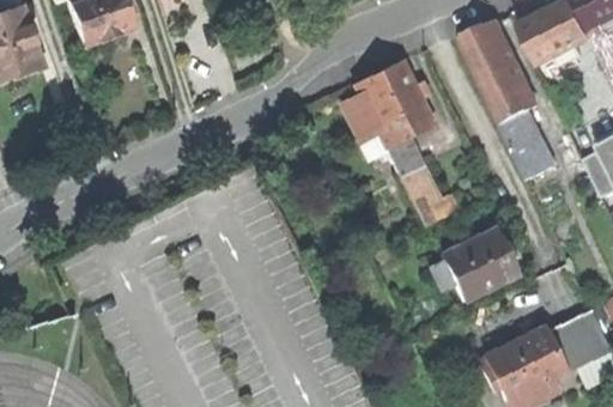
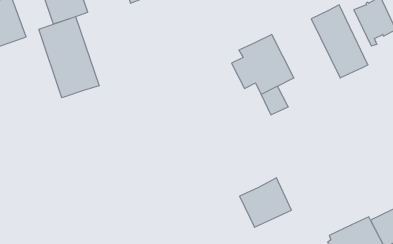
building: none -> [39,17,99,98]
building: [500,108,560,181] -> none
building: [400,165,456,225] -> none
building: [441,226,516,298] -> [240,178,291,227]

